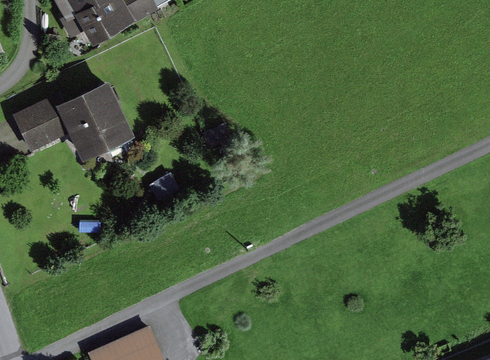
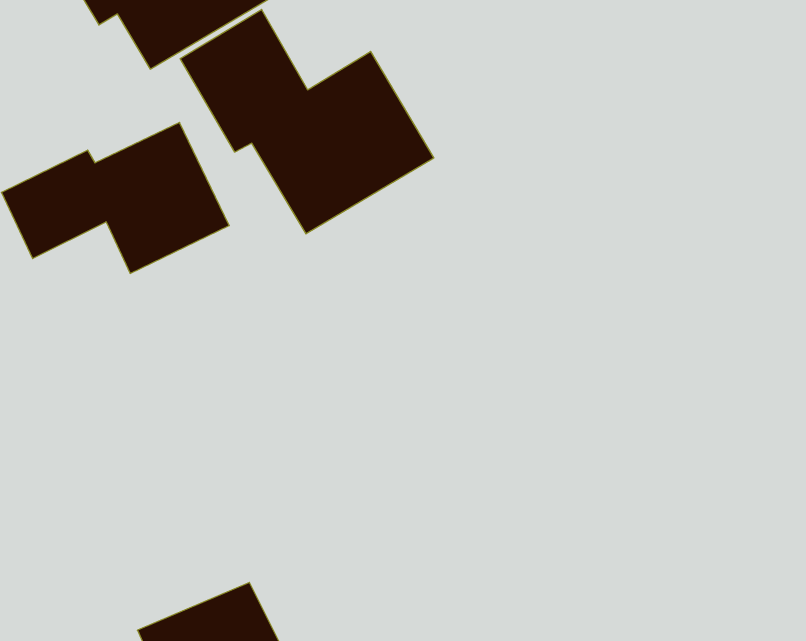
building: none -> [180,9,434,234]

